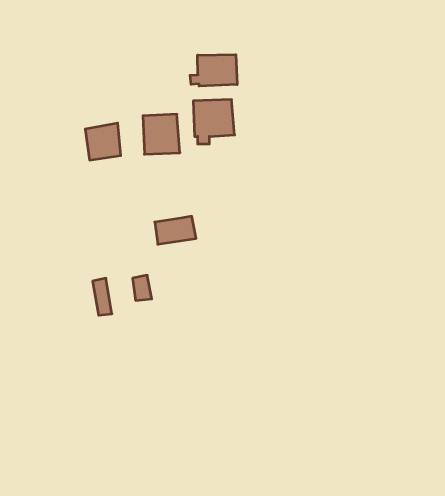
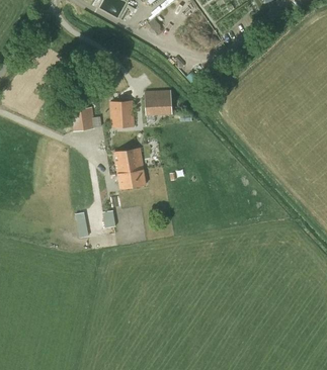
building: [190,55,237,86] -> none
building: none -> [114,149,143,174]

